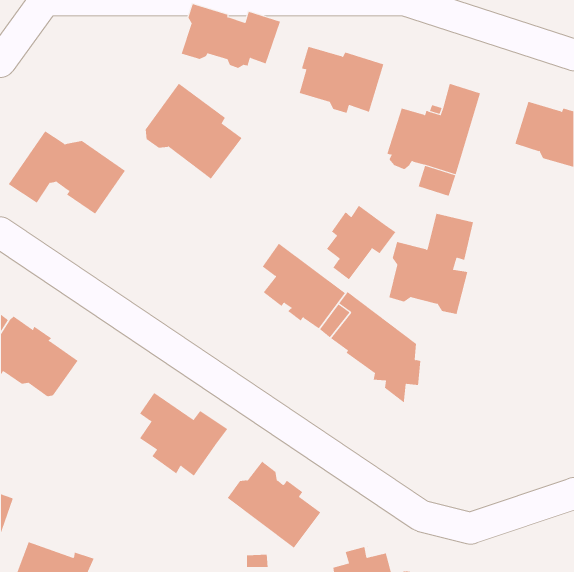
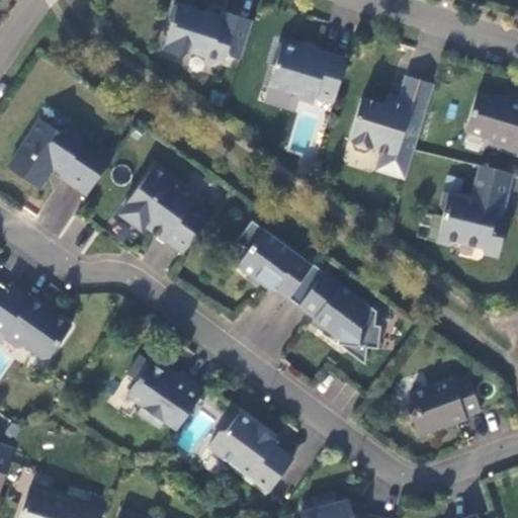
building: [145,83,243,180] -> [122,167,210,254]
building: [326,205,396,280] -> none
building: [389,213,474,314] -> [436,166,513,257]
building: none -> [409,376,480,436]

